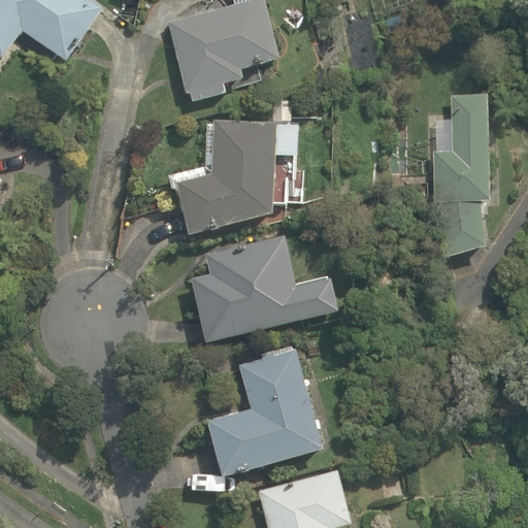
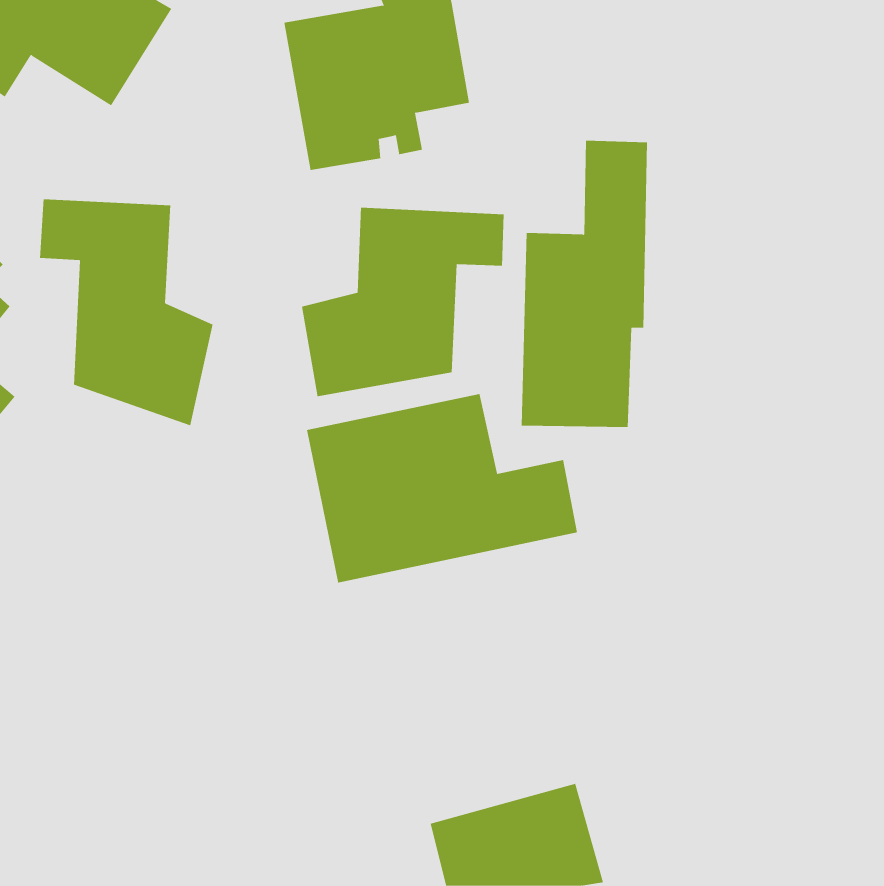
building: [415,91,490,261] -> [521,140,648,428]
building: none -> [39,199,213,426]
building: [207,344,320,473] -> none

